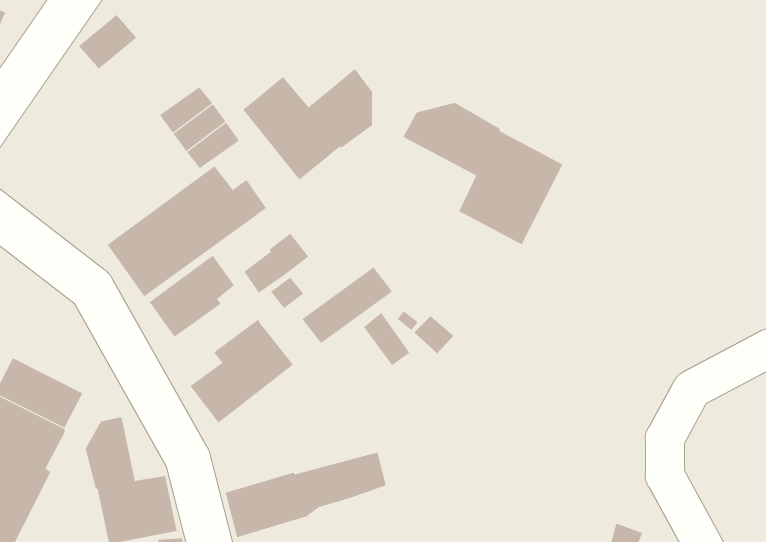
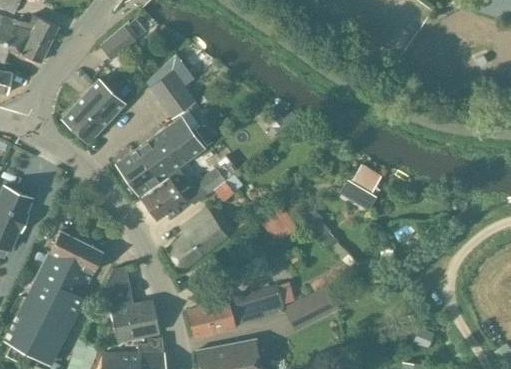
building: [242,68,373,180] -> none
building: [403,102,563,245] -> none
building: none -> [61,80,123,142]
building: none -> [347,165,380,204]
building: [302,267,393,344] -> none
building: none -> [283,288,338,331]

